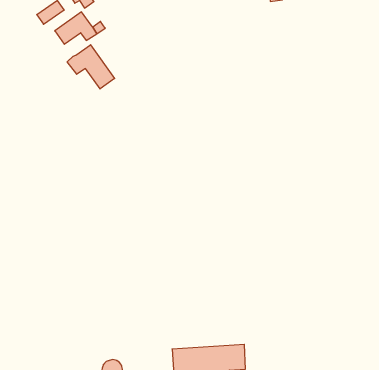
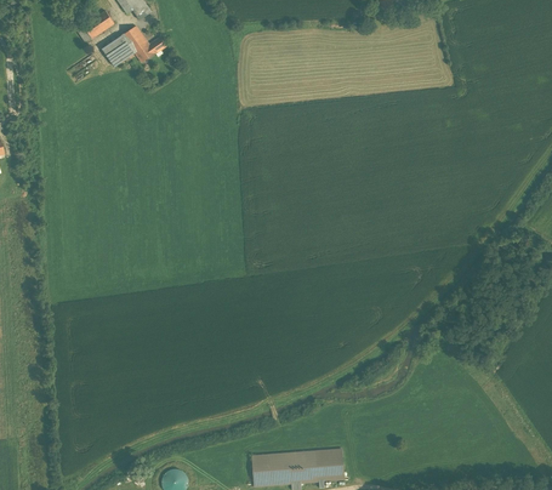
building: [67,45,115,89] -> none

